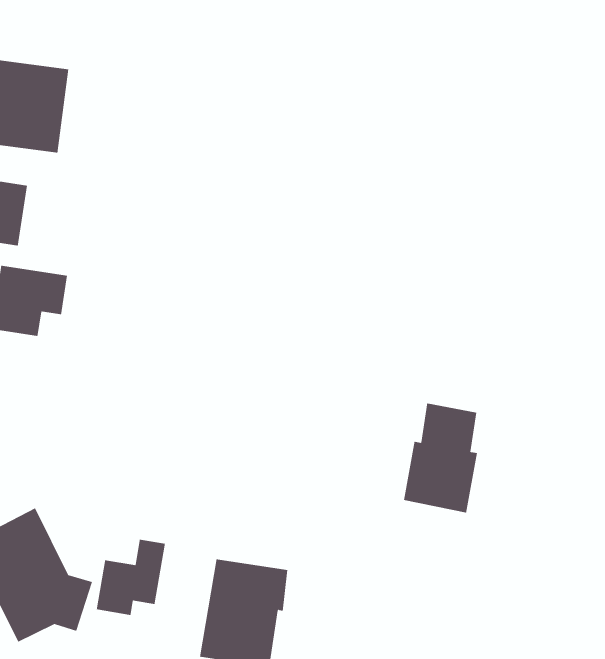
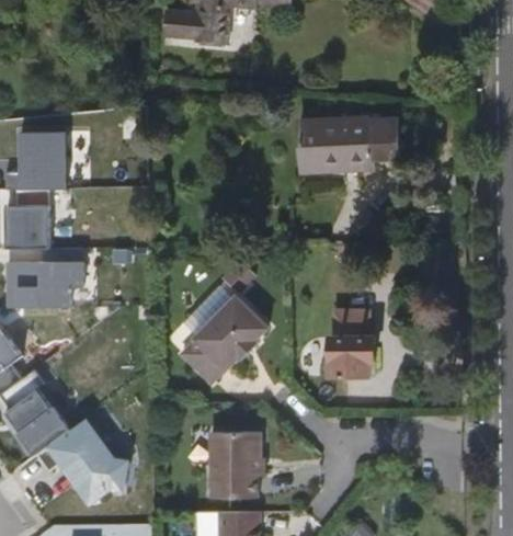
building: none -> [298,117,396,172]
building: none -> [179,297,266,385]
building: [96,539,165,616] -> none

